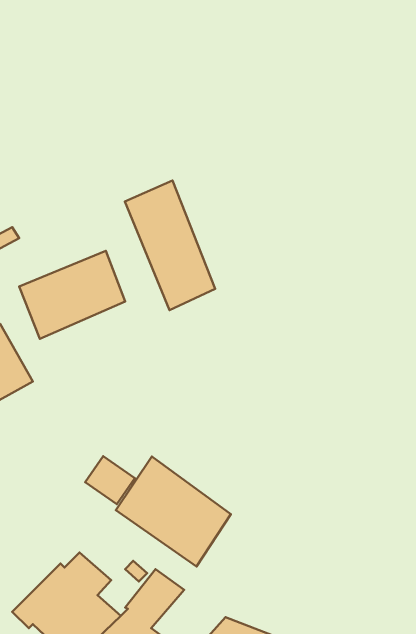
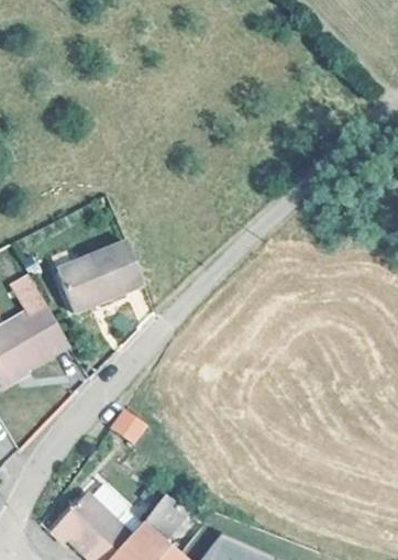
building: [125,181,215,310] -> none
building: [116,457,231,567] -> none

